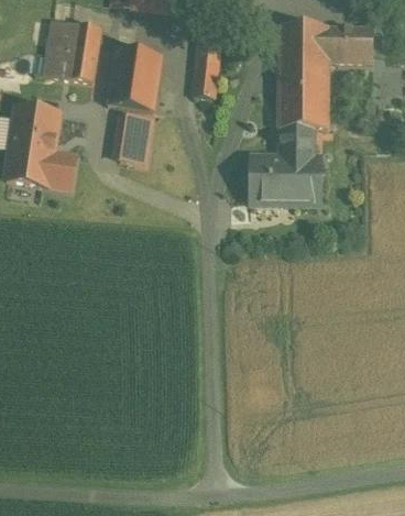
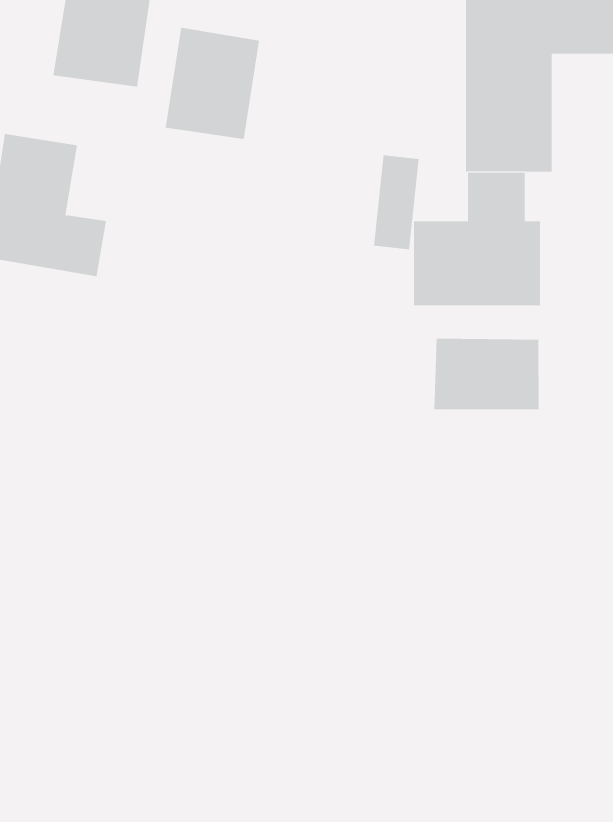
building: [194,41,220,95] -> [373,155,420,250]
building: [112,111,153,161] -> none
building: none -> [434,338,539,410]

